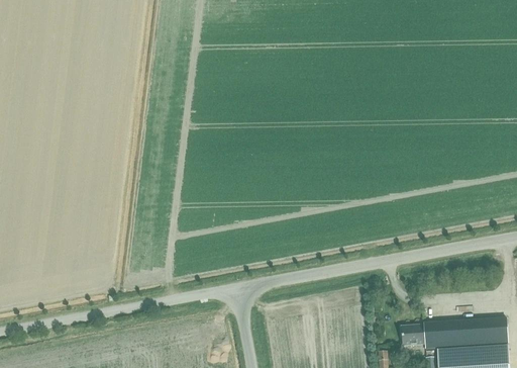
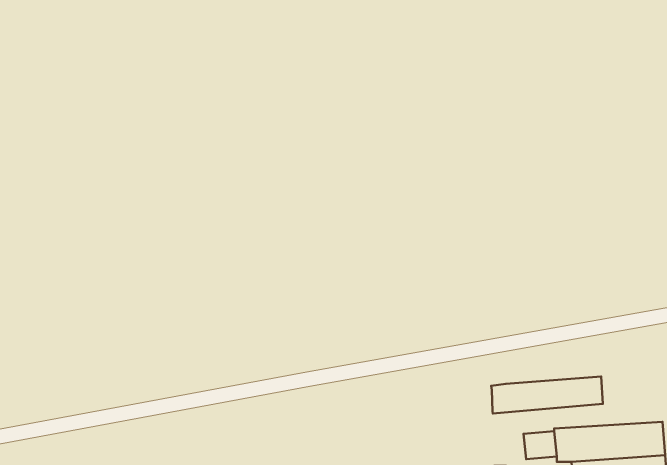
building: none -> [491,376,603,413]

